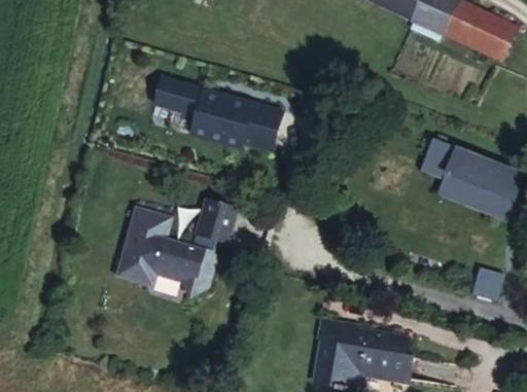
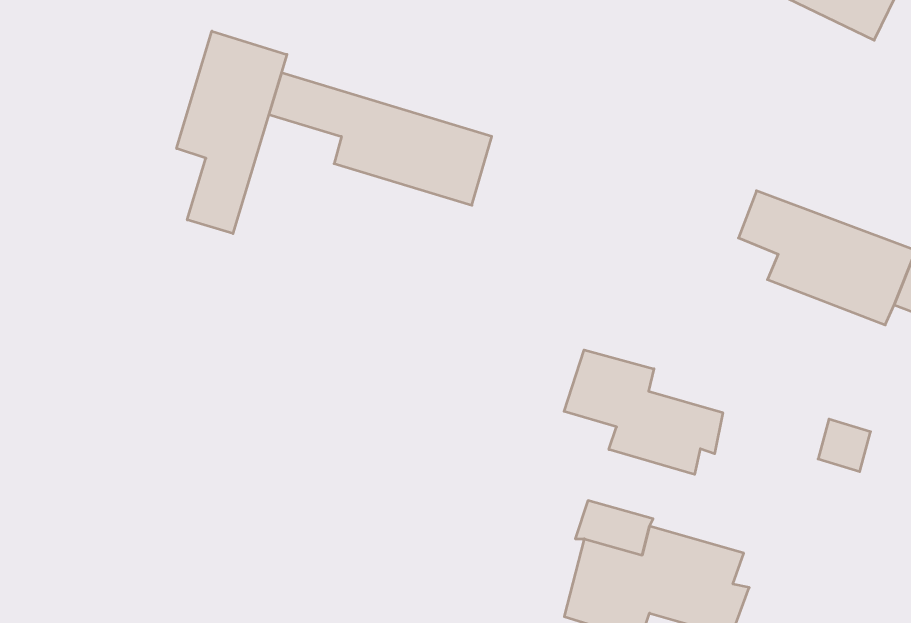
building: none -> [177,31,287,234]
building: [114,179,237,295] -> none
building: none -> [564,350,723,474]

